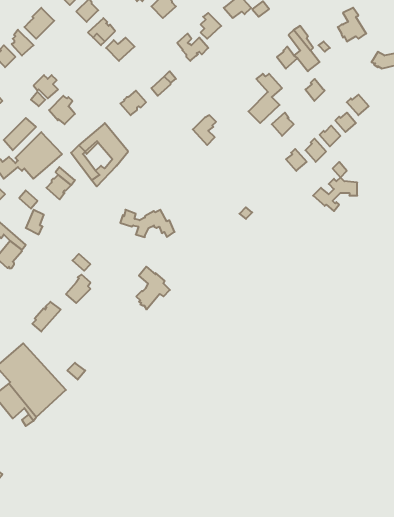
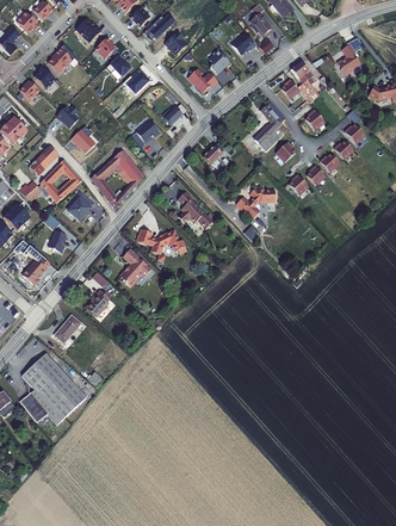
building: none -> [178,192,212,228]
building: [313,177,357,211] -> [236,187,277,218]
building: [136,267,170,309] -> [119,248,150,287]

